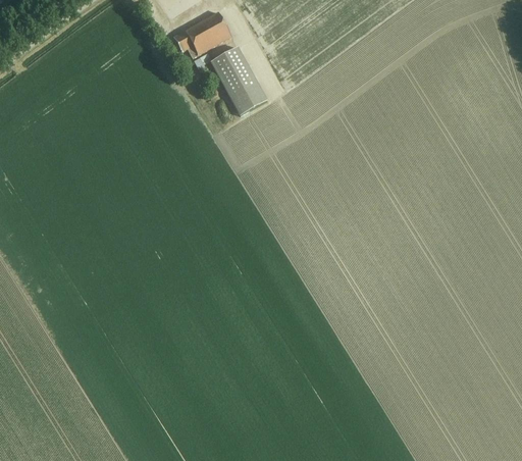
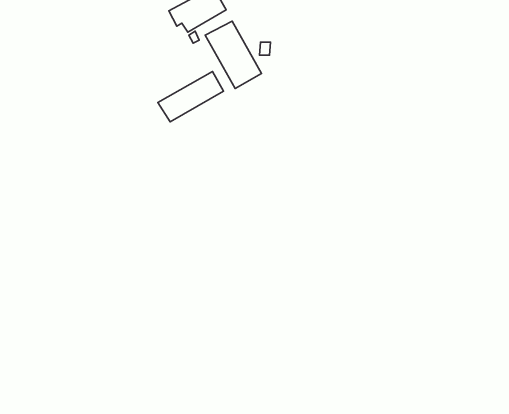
building: none -> [158,71,224,122]

